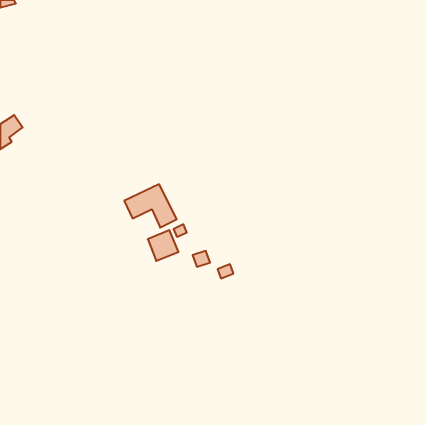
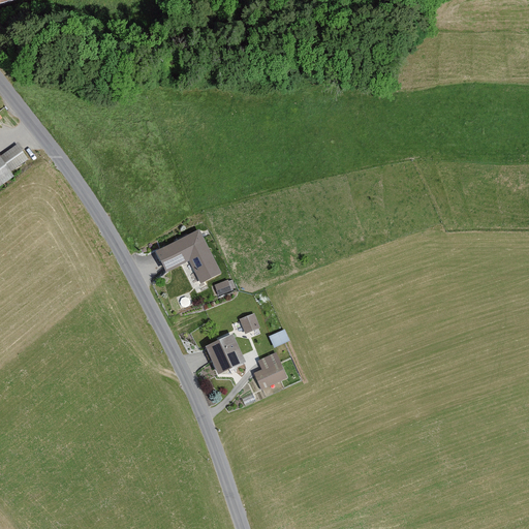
building: [148,230,179,261] -> [205,335,243,373]
building: none -> [254,363,284,387]

